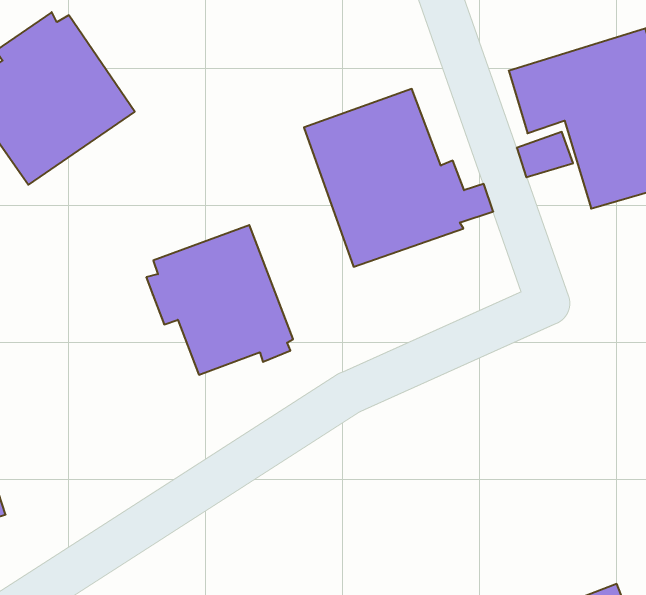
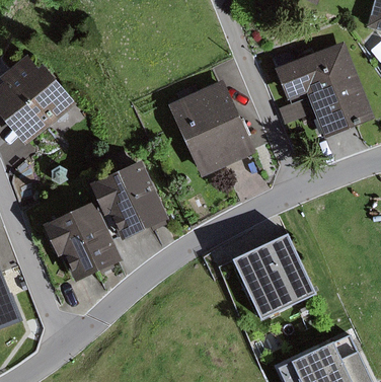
building: none -> [41,200,120,282]
building: none -> [221,227,315,326]

